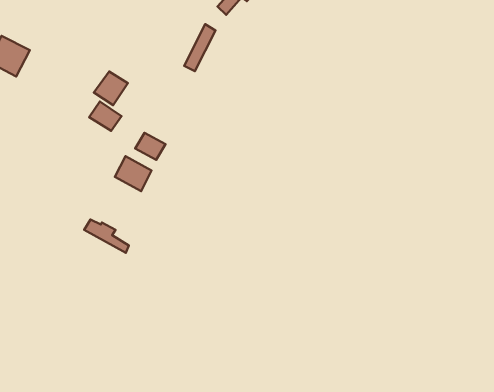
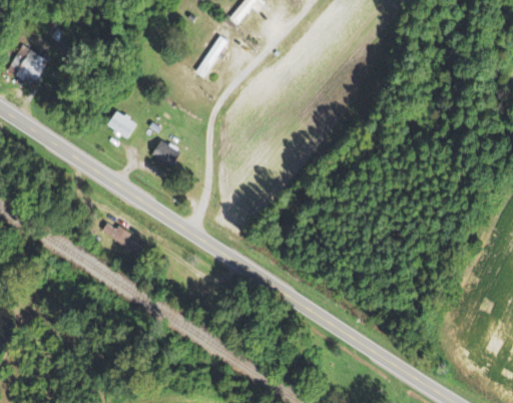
building: [94,71,128,105] -> none
building: [115,156,151,191] -> none

